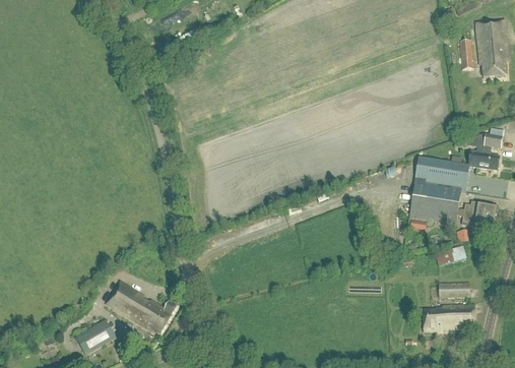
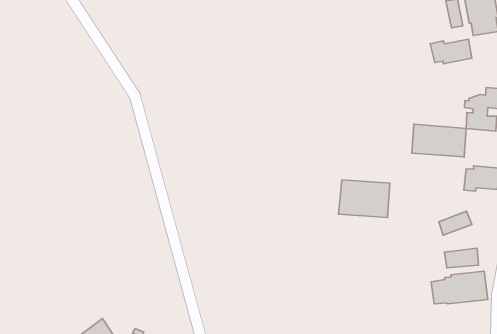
building: none -> [430,39,472,64]
building: [408,185,460,225] -> [338,180,390,217]
building: [106,281,177,333] -> none

